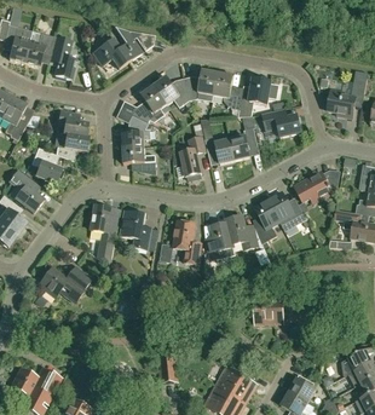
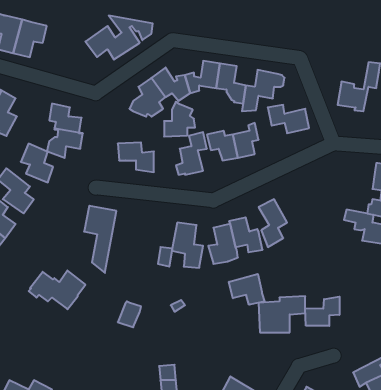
building: [50,36,75,79] -> none
building: [121,114,150,146] -> [164,102,195,137]
building: [293,169,339,201] -> none
building: [267,191,306,225] -> none
building: [119,209,155,249] -> none
building: none -> [229,274,265,305]
building: none -> [305,297,340,326]

